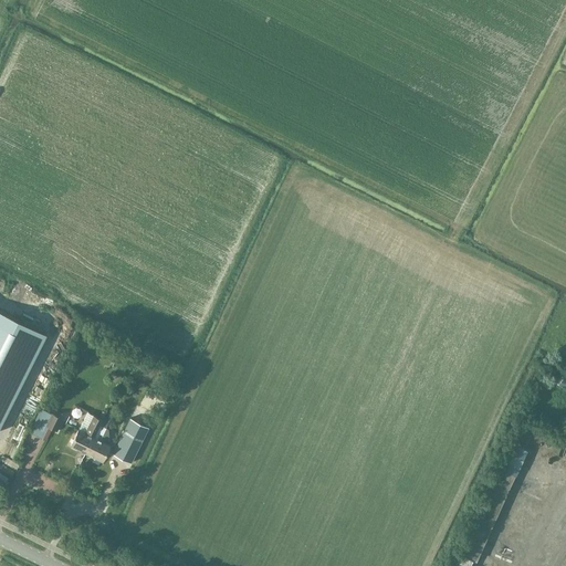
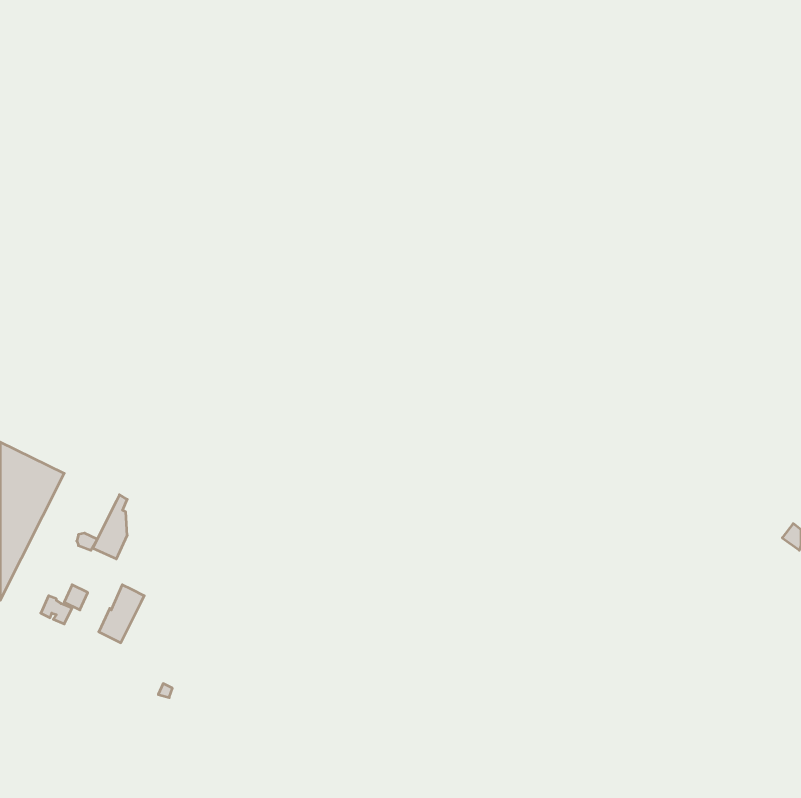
building: [85,418,109,463] -> [93,495,127,559]
building: [112,420,147,465] -> none

